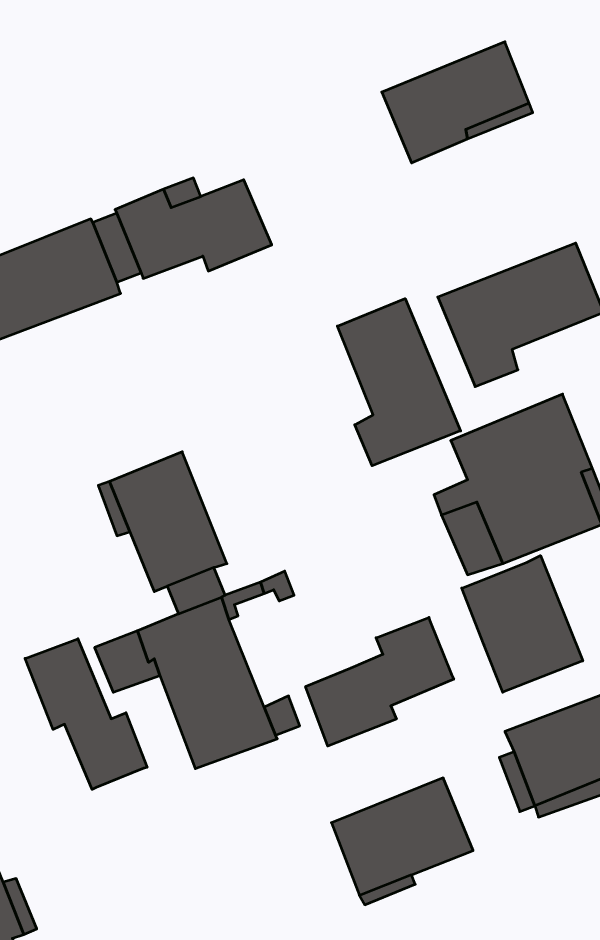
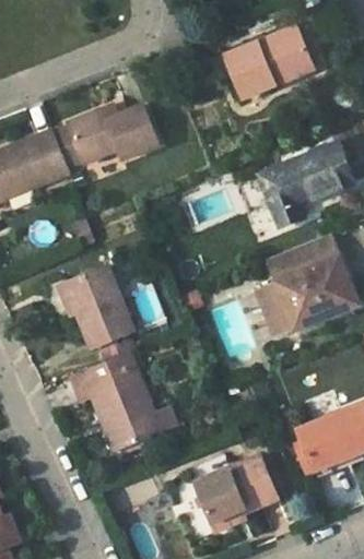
building: [337,299,461,466] -> none
building: [462,556,583,692] -> none
building: [306,617,454,746] -> none
building: [25,639,147,789] -> none

